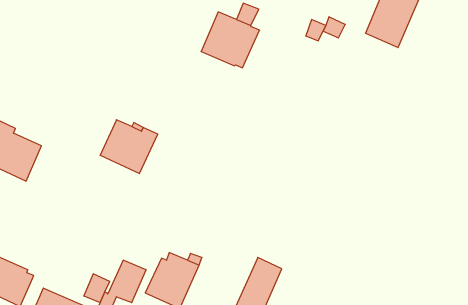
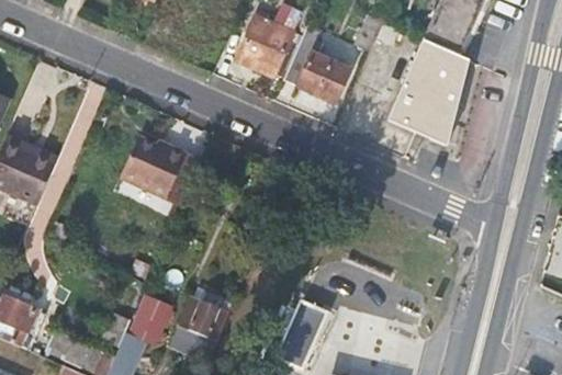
building: none -> [283,23,351,102]
building: none -> [389,39,470,146]

